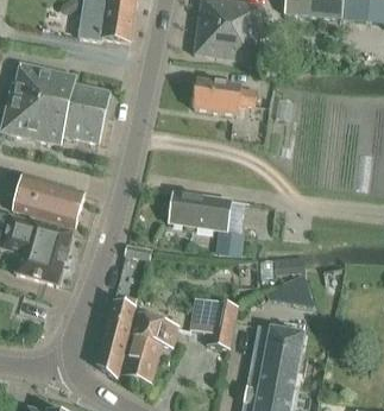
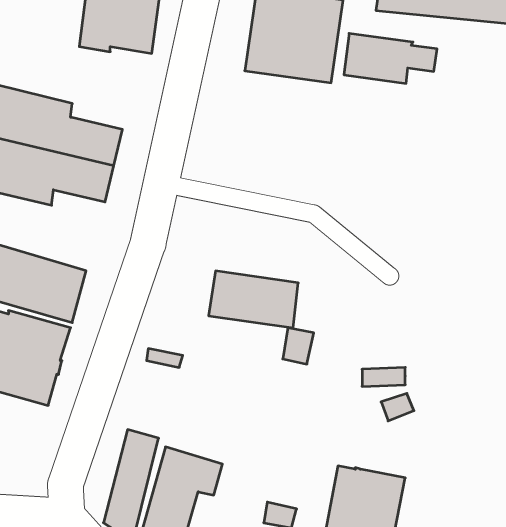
building: [194,80,258,114] -> [344,33,437,83]
building: [190,297,238,348] -> none

